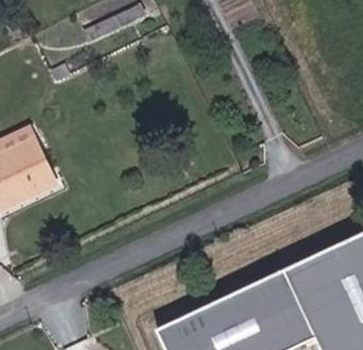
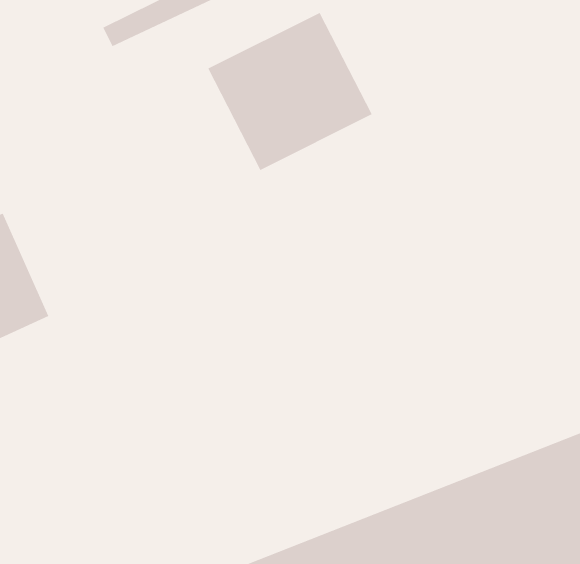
building: none -> [208,12,372,171]

